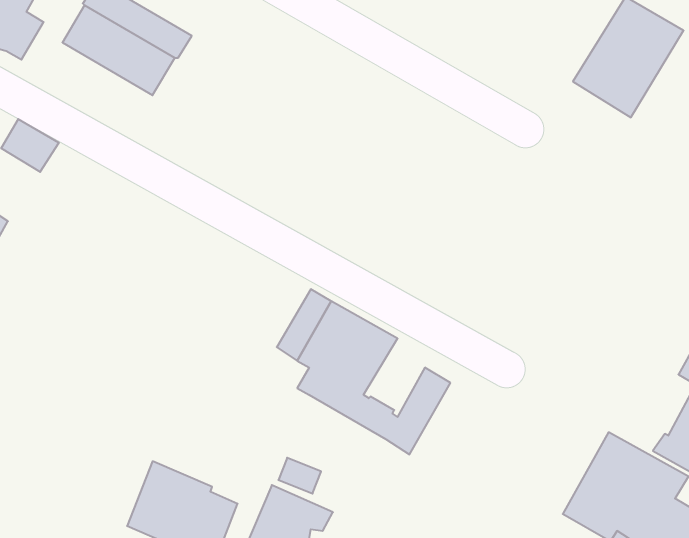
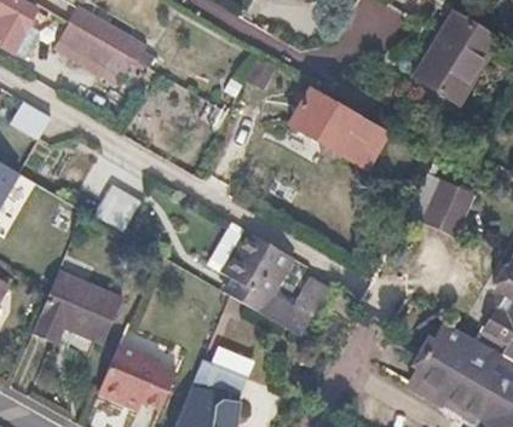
building: none -> [289,86,384,166]
building: none -> [420,184,469,237]
building: none -> [94,186,140,233]
building: none -> [31,270,121,344]

